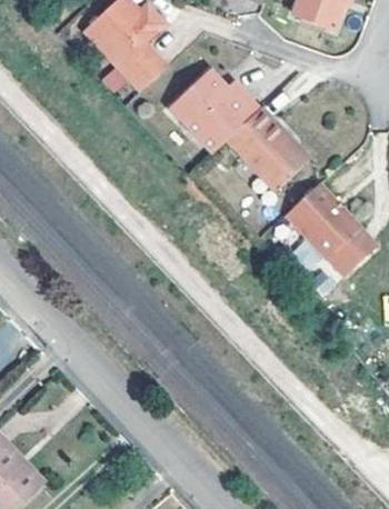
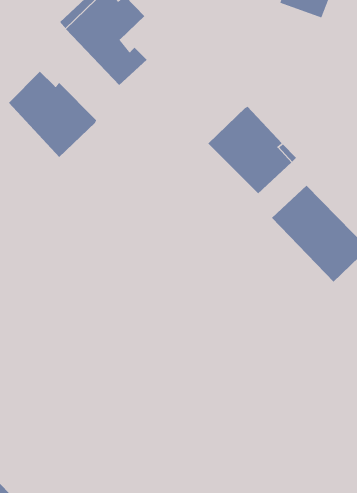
building: [172,73,260,152] -> none
building: none -> [8,71,97,158]

